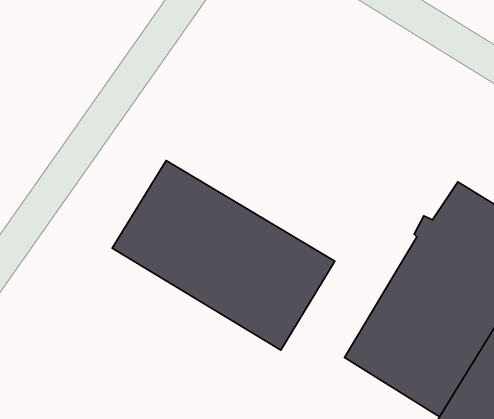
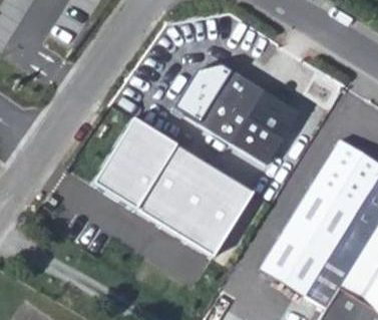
building: none -> [170,64,295,165]

